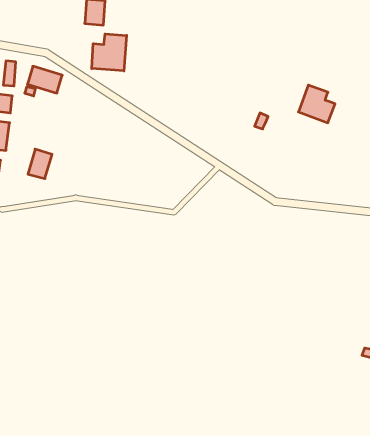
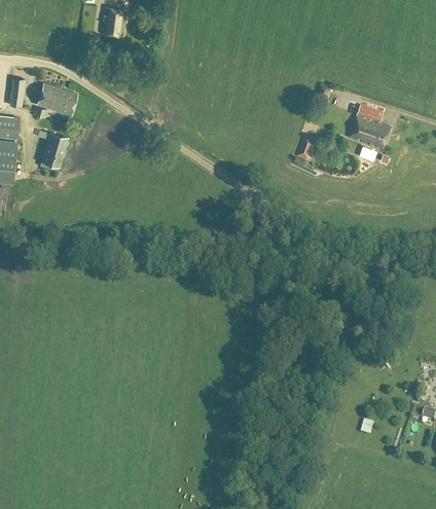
building: [92,34,127,71] -> none
building: [28,149,52,179] -> [40,132,68,166]

